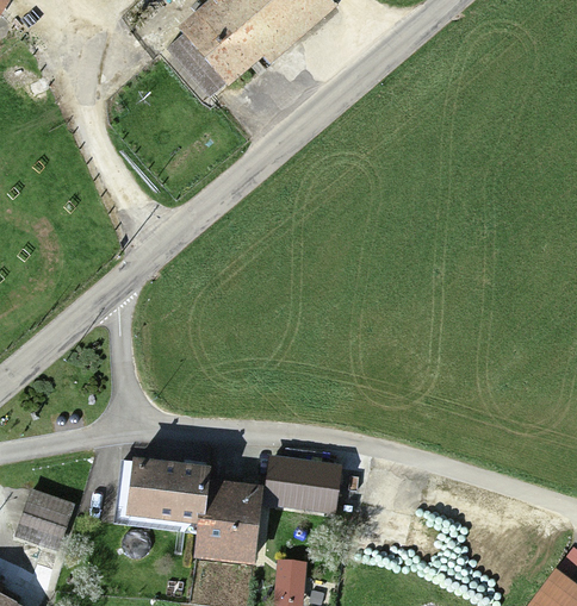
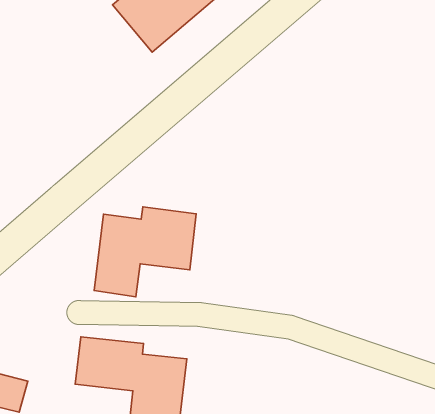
building: none -> [94,207,196,297]
building: [261,454,340,512] -> none

